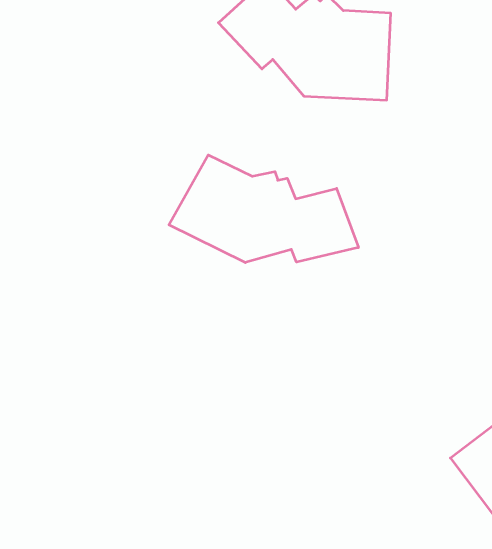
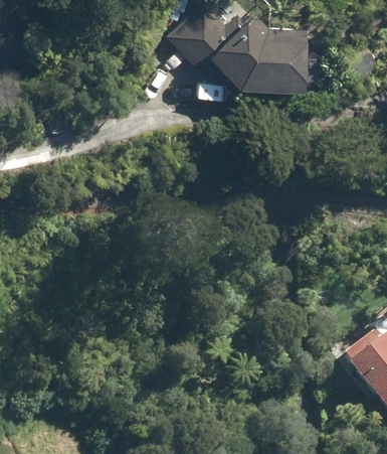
building: [169,155,358,263] -> none

